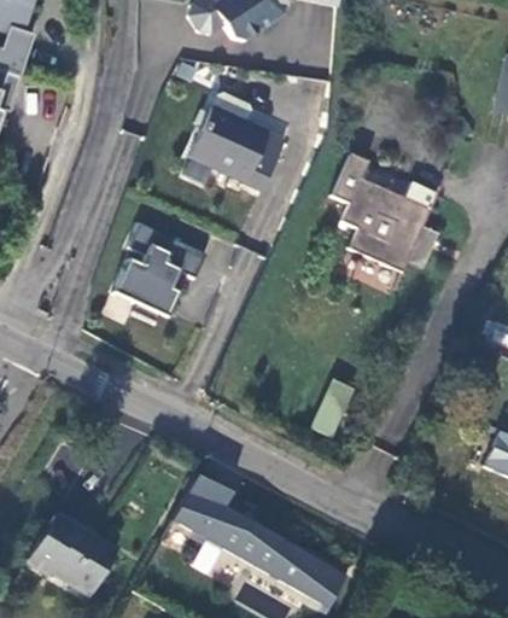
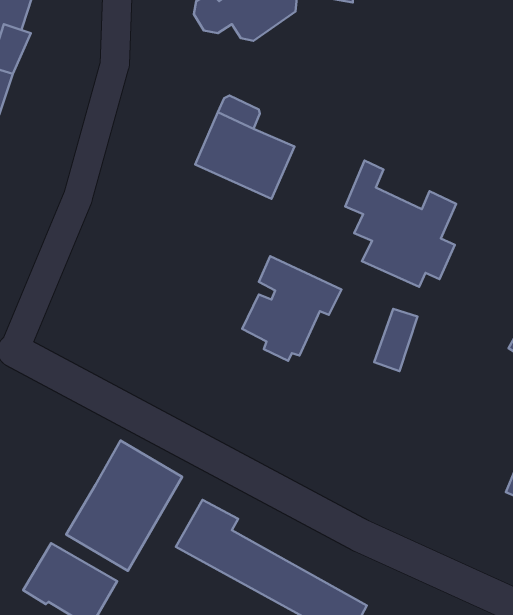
building: [111,223,205,322] -> [242,256,342,361]
building: [313,377,354,436] -> [374,309,417,371]
building: none -> [66,440,182,571]

